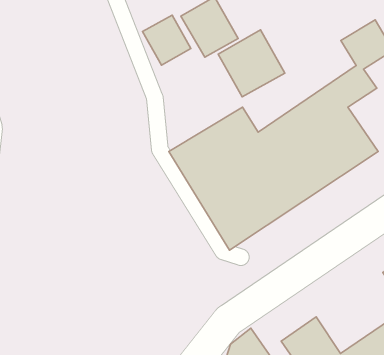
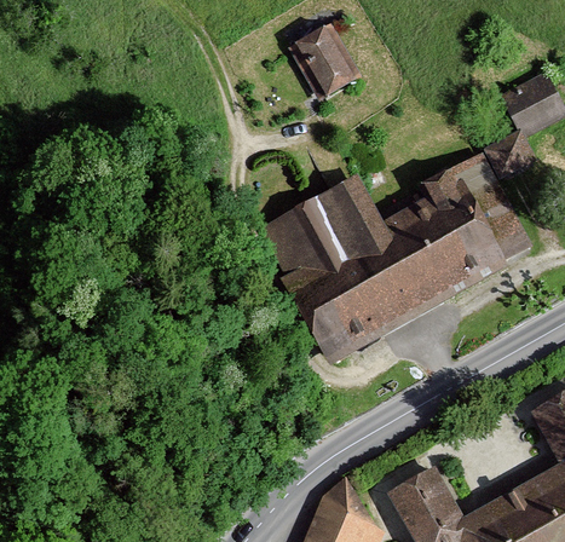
building: [143,15,191,65] -> none
building: [218,30,285,97] -> none

